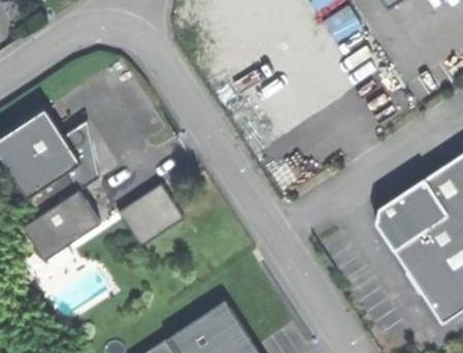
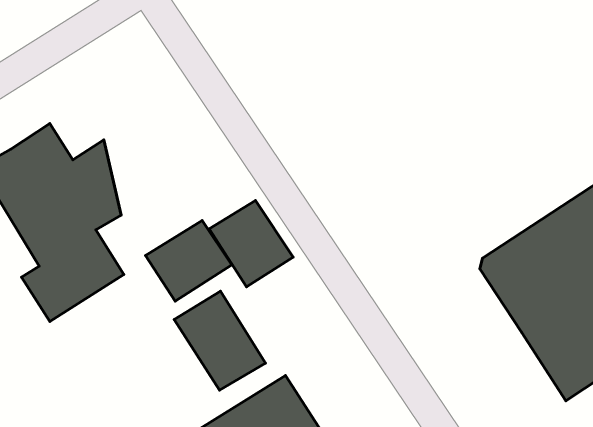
building: none -> [209,200,293,287]
building: none -> [174,291,265,390]

